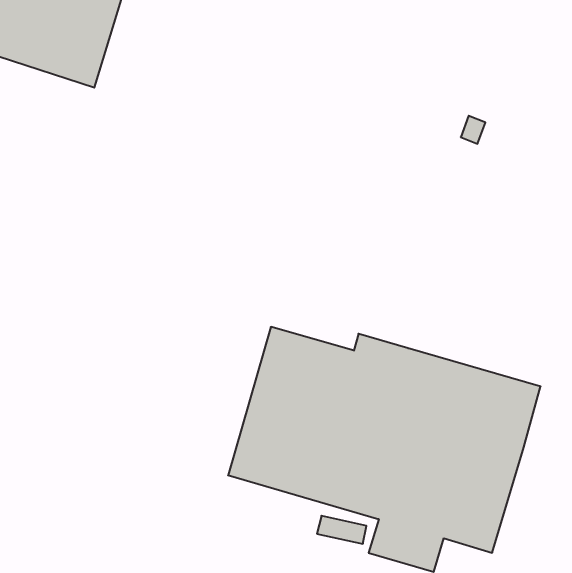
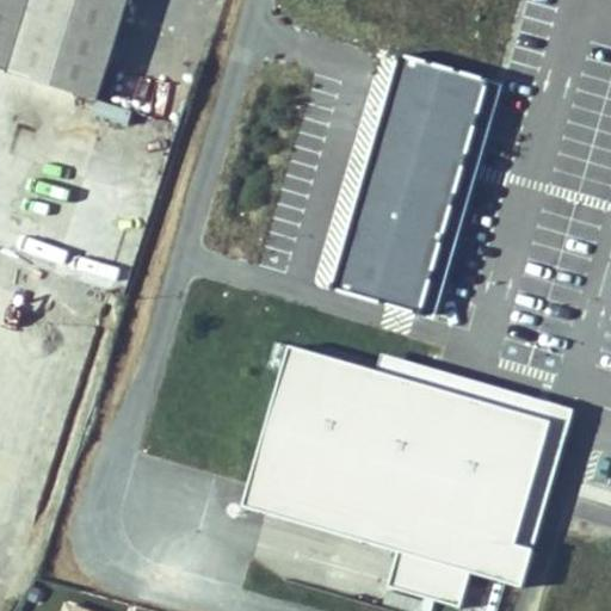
building: none -> [325,54,490,311]

